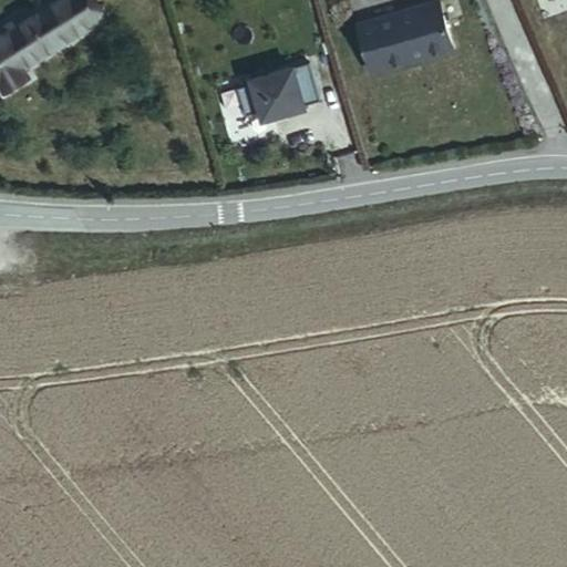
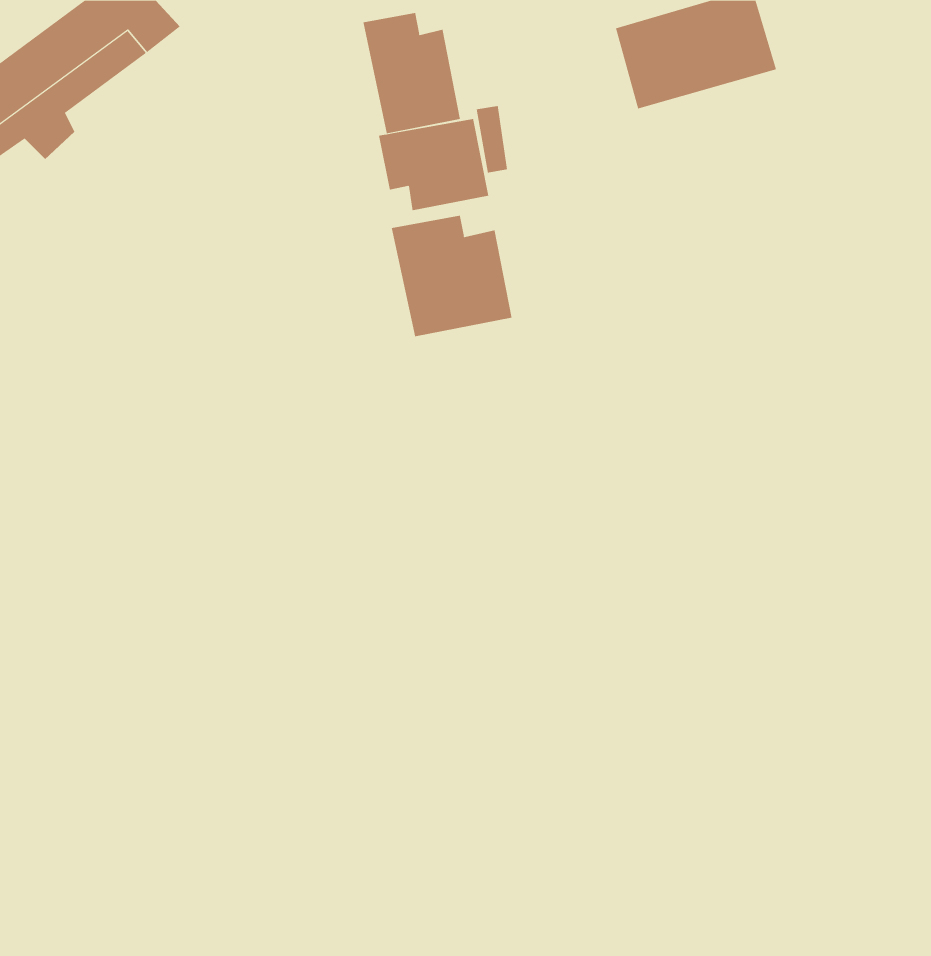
building: none -> [363,12,460,134]
building: none -> [391,215,512,337]

